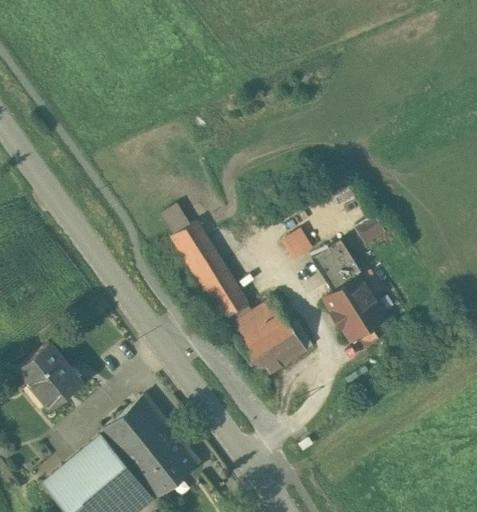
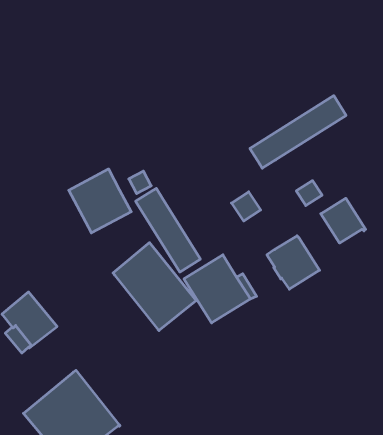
building: none -> [250,96,346,168]
building: none -> [69,169,131,233]
building: [312,241,364,293] -> [321,198,366,243]
building: [102,395,198,497] -> [113,243,196,331]

